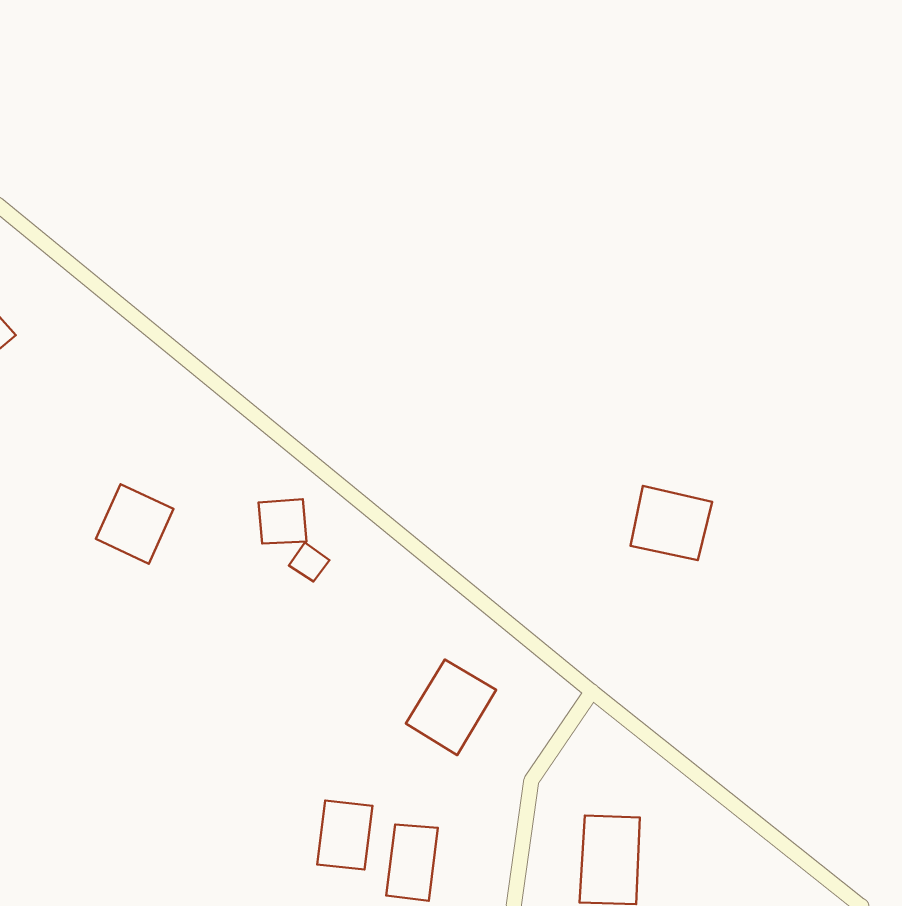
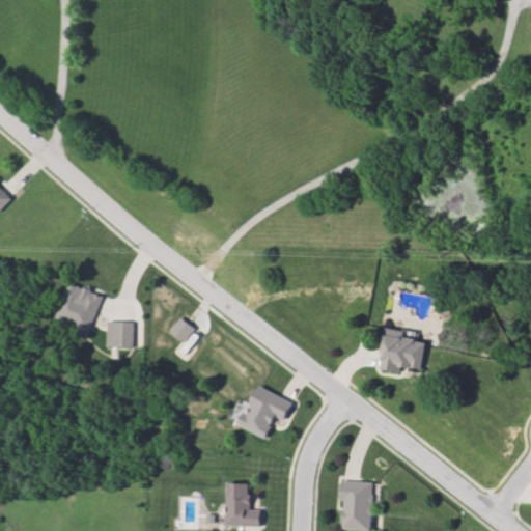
building: [630,486,712,560] -> [378,333,425,376]
building: [259,499,307,543] -> [106,318,134,344]
building: [317,801,372,870] -> none

